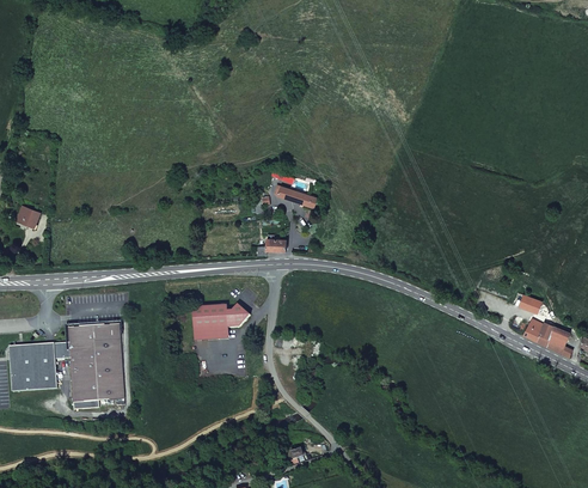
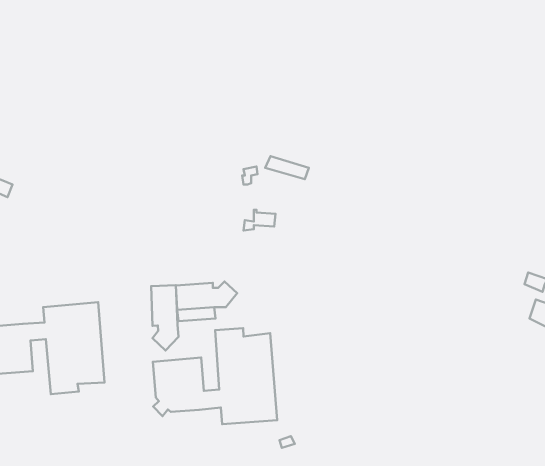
building: none -> [151,285,179,351]
building: none -> [153,328,277,424]

